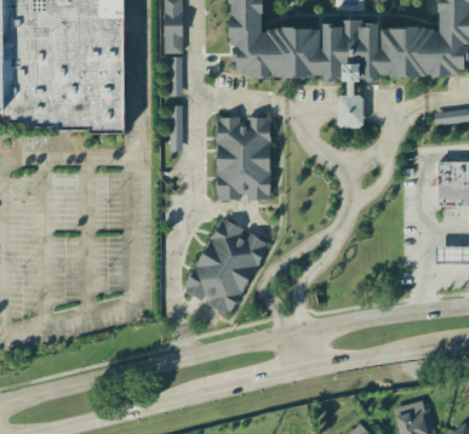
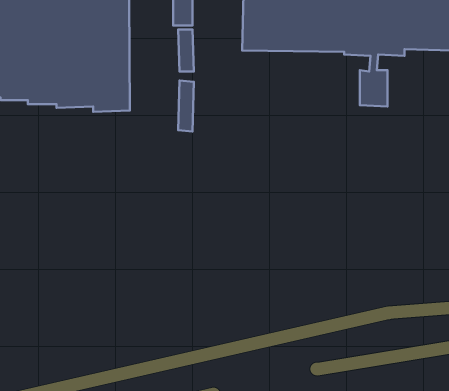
building: [216,118,270,200] -> none
building: [184,217,268,316] -> none

